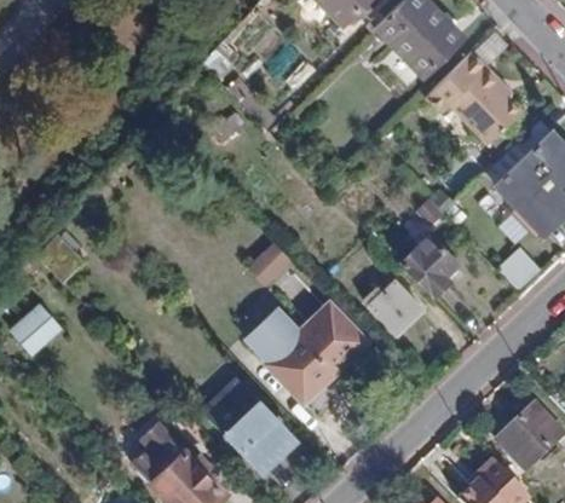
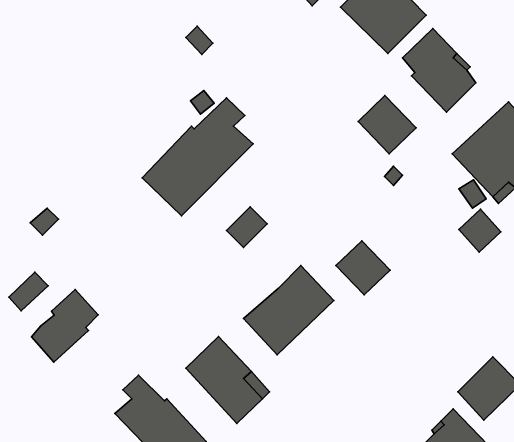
building: none -> [358,96,416,154]
building: none -> [142,98,253,216]
building: [399,233,459,297] -> none
building: [247,305,305,362] -> none
building: none -> [32,289,98,362]

